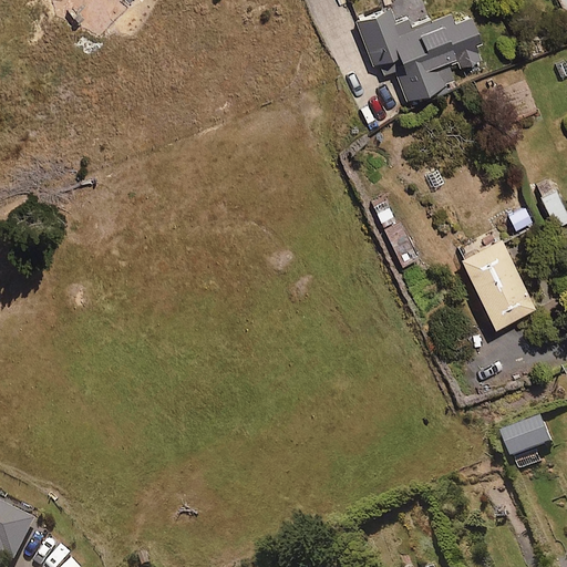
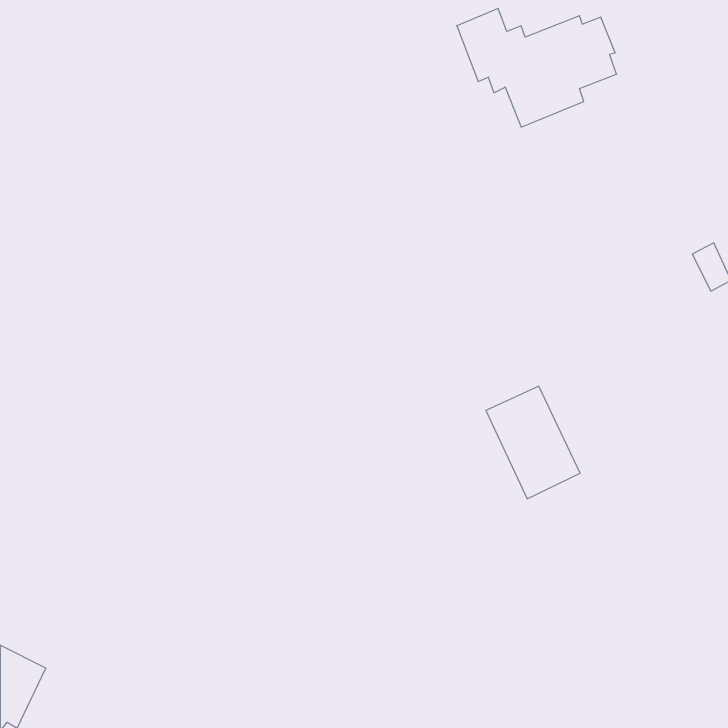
building: [461,240,534,328] -> [486,386,580,499]
building: [504,417,553,458] -> none

